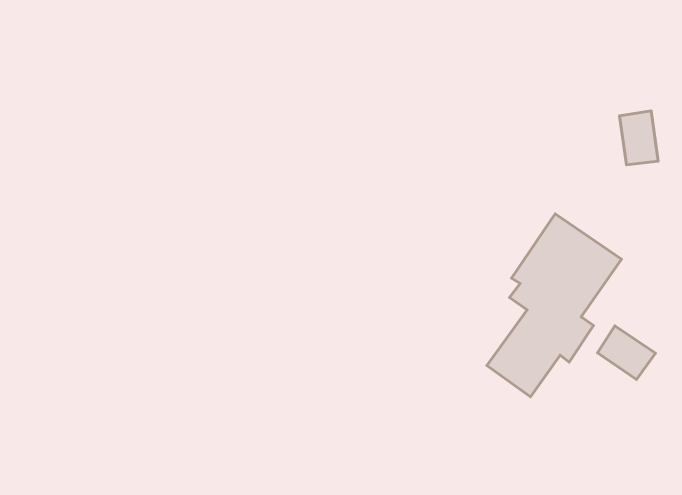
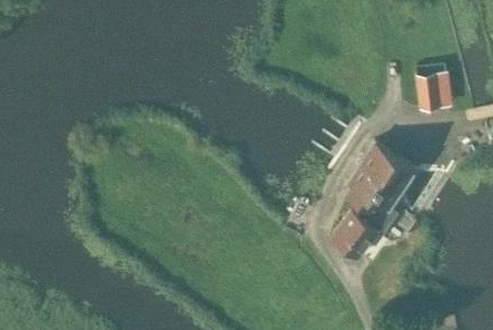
building: [598,326,655,380] -> none

